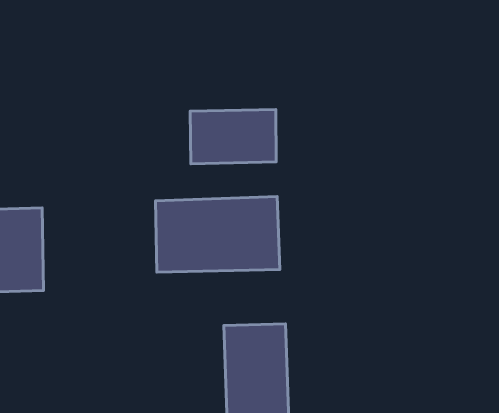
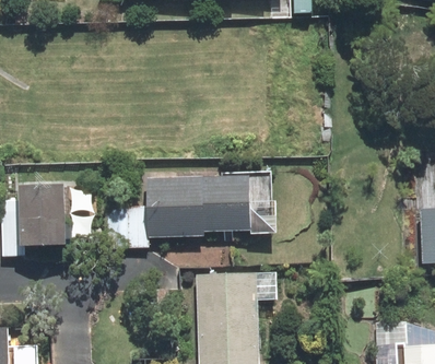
building: [190,109,276,164] -> none

